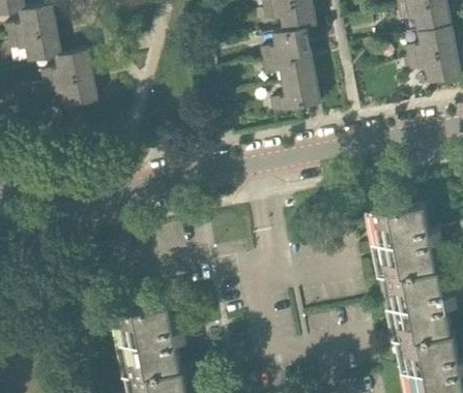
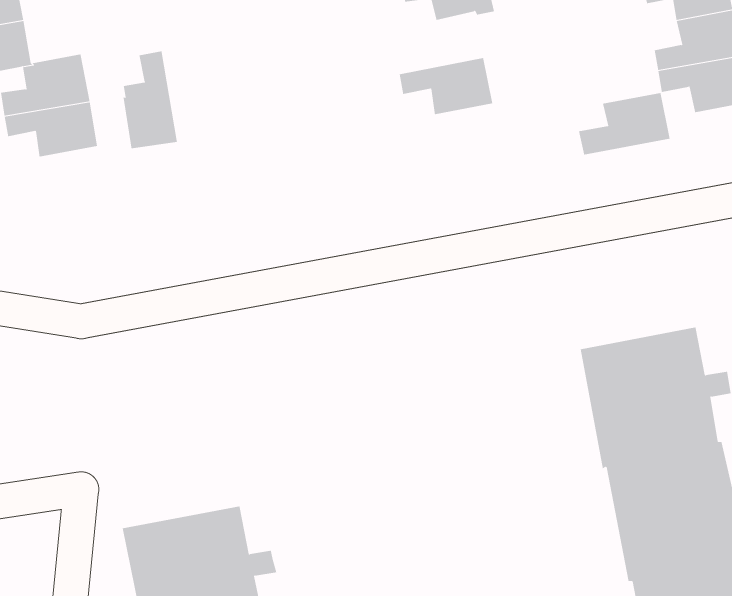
building: [261,27,312,62] -> none
building: none -> [123,50,178,149]
building: [270,79,322,114] -> [578,93,670,155]

